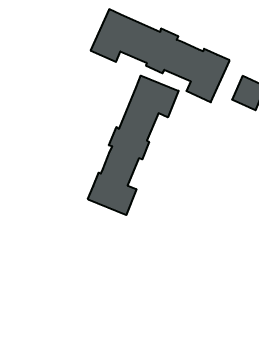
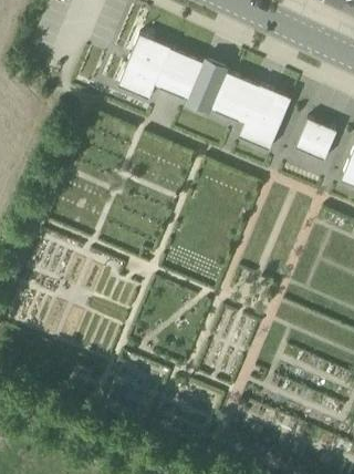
building: [88,76,179,215] -> none

